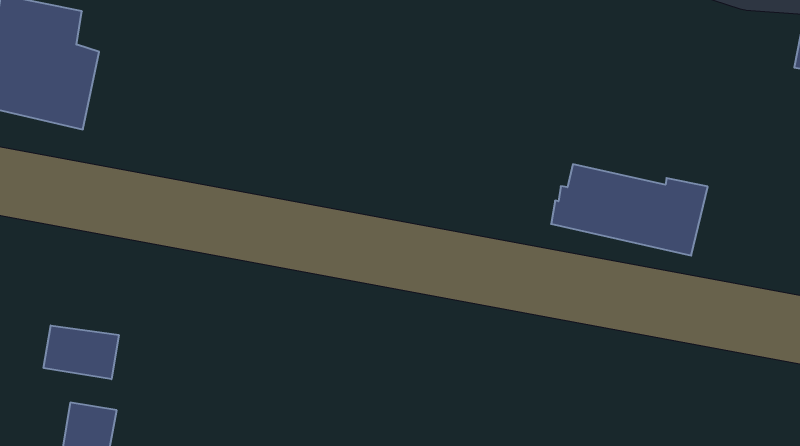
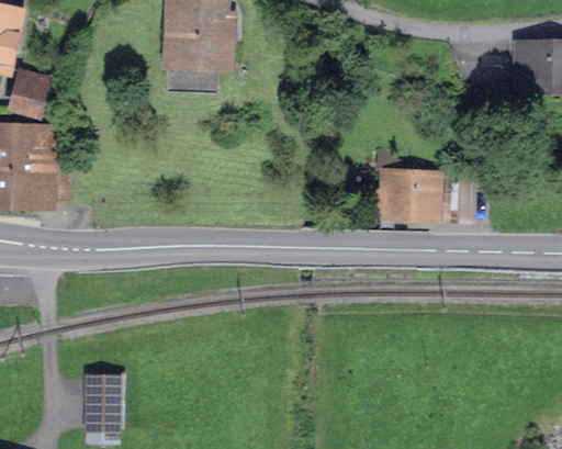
building: [44,325,119,379] -> none

